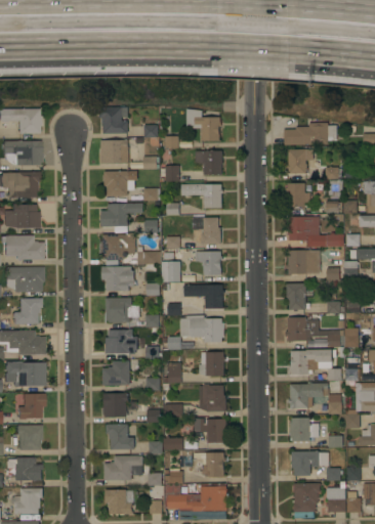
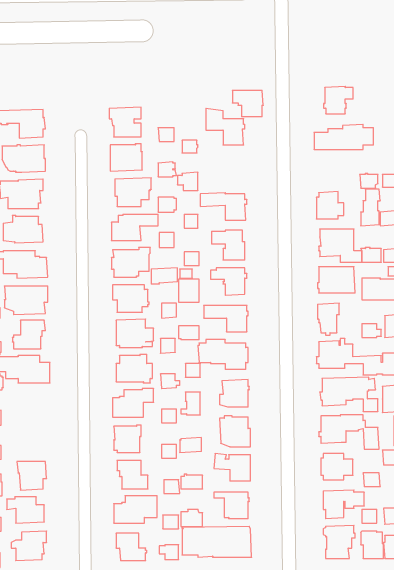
building: [287,148,314,173] -> [324,86,353,114]
building: [196,150,223,174] -> [232,90,263,117]
building: [6,361,47,386] -> none
building: [18,393,45,420] -> none

